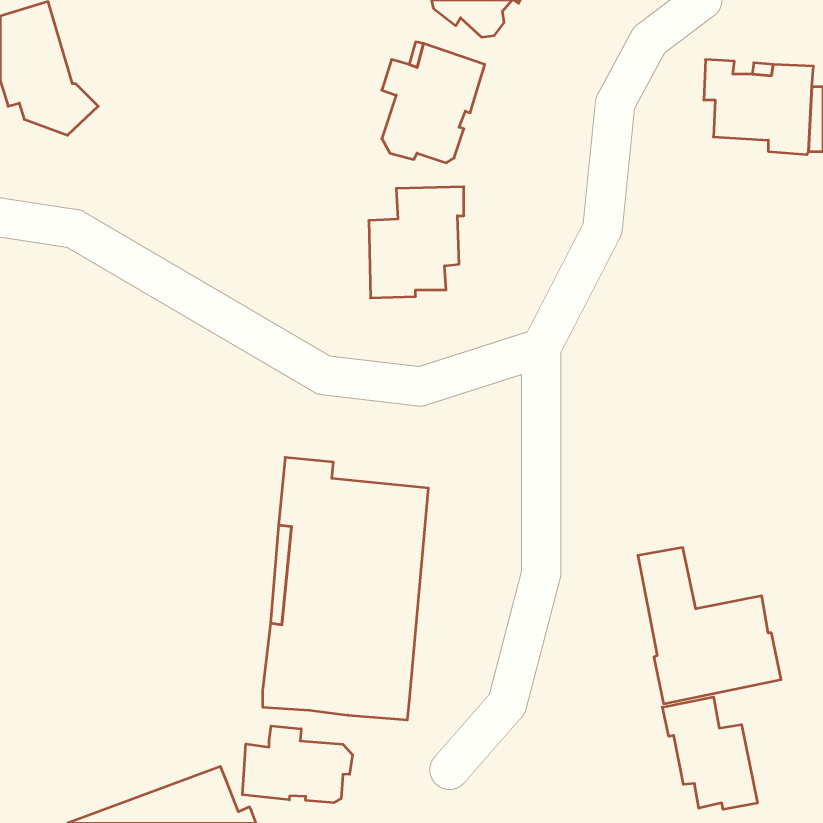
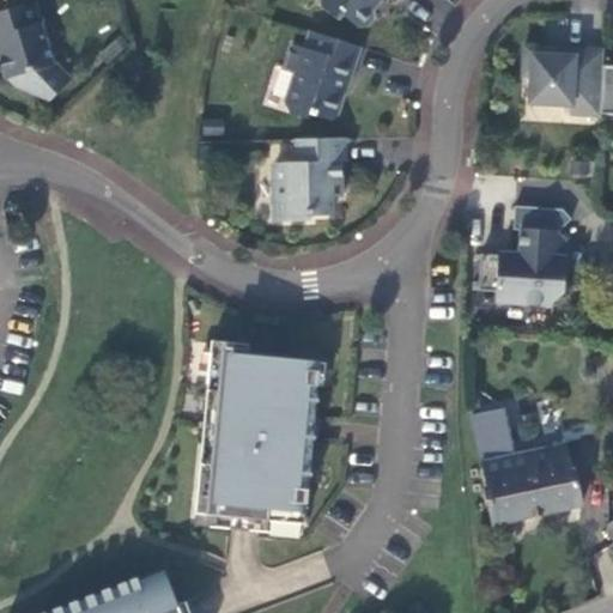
building: none -> [478,206,571,305]
building: [662,697,757,809] -> none
building: [242,726,353,803] -> none

